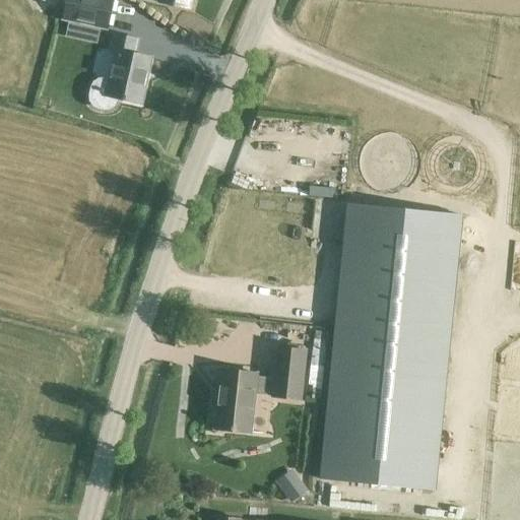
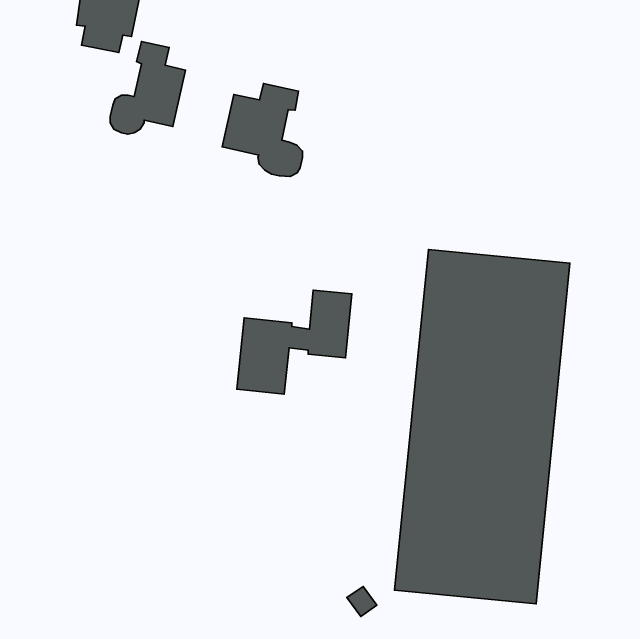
building: none -> [222,84,303,176]
building: [213,346,307,431] -> [237,290,352,394]

